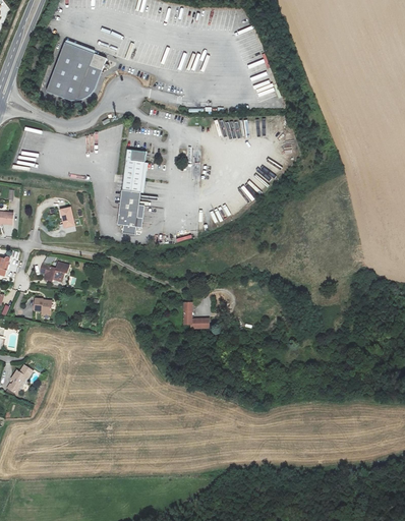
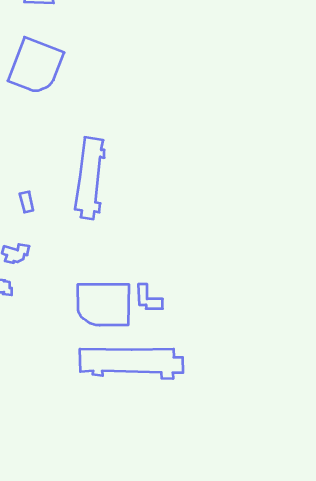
building: none -> [78,284,129,325]
building: none -> [80,349,183,379]

